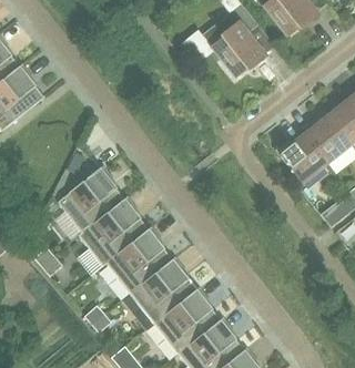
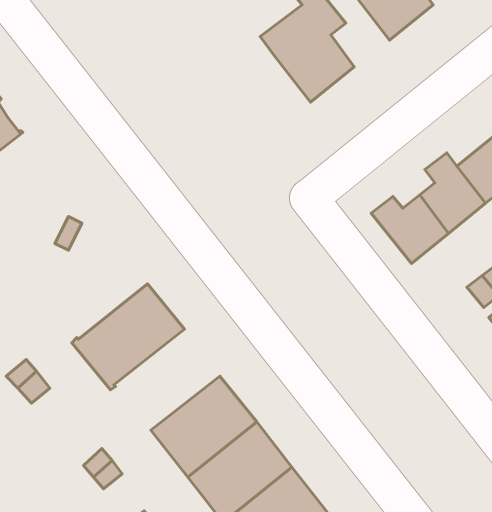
building: [57,165,126,233] -> none
building: [104,226,174,293] -> none

